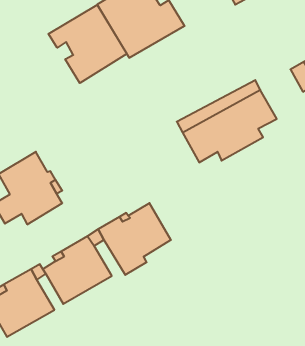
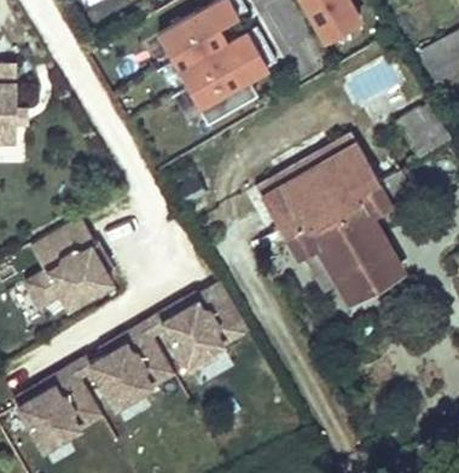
building: [48,5,127,83] -> none
building: none -> [283,181,402,300]

